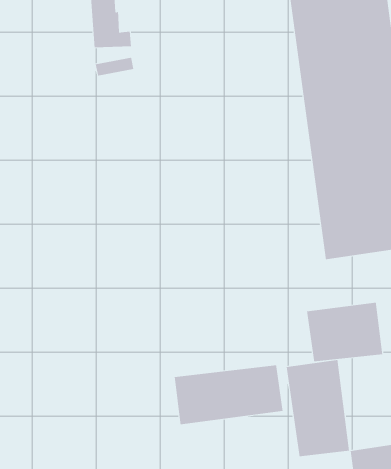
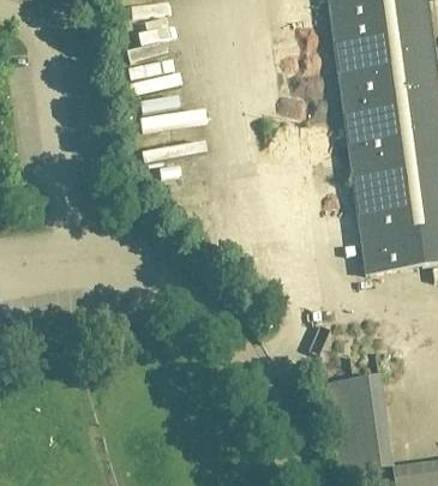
building: [307,302,383,362] -> none
building: [174,365,283,425] -> none

